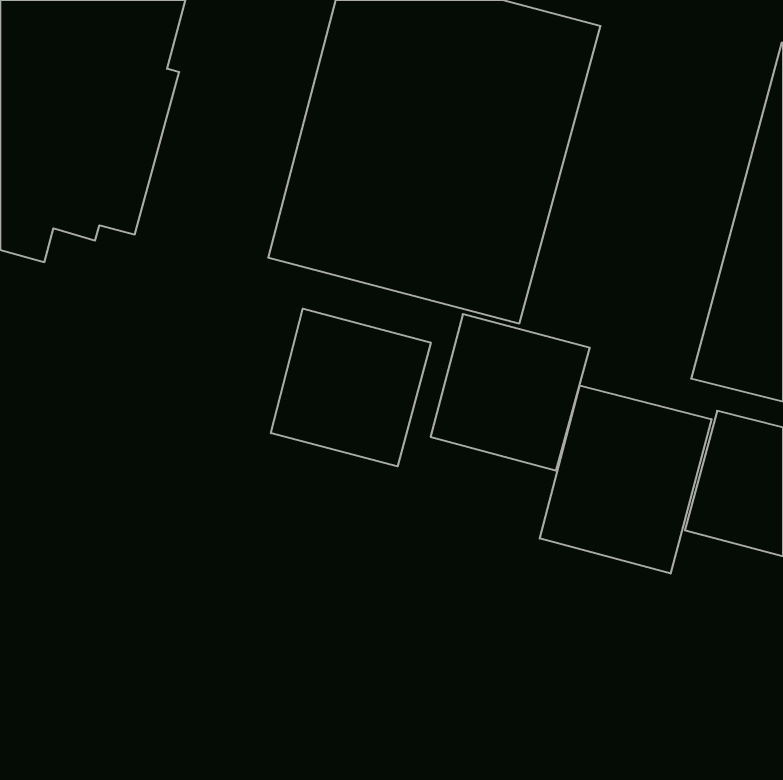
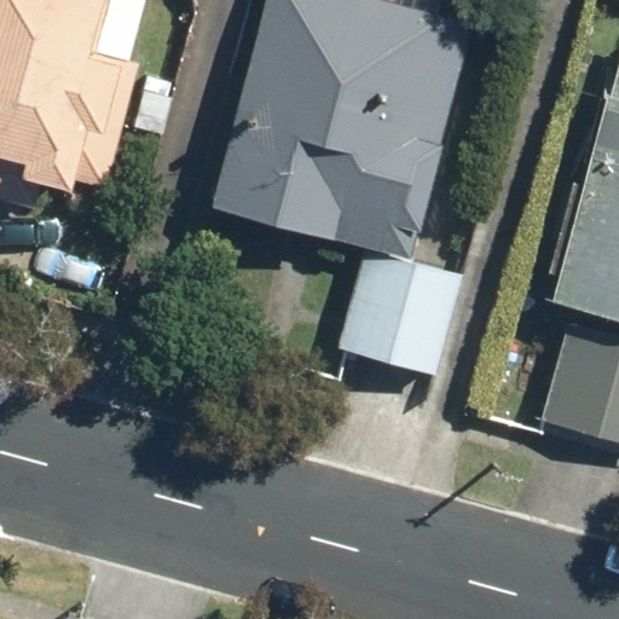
building: [271,309,431,466] -> none
building: [540,386,712,574] -> none

